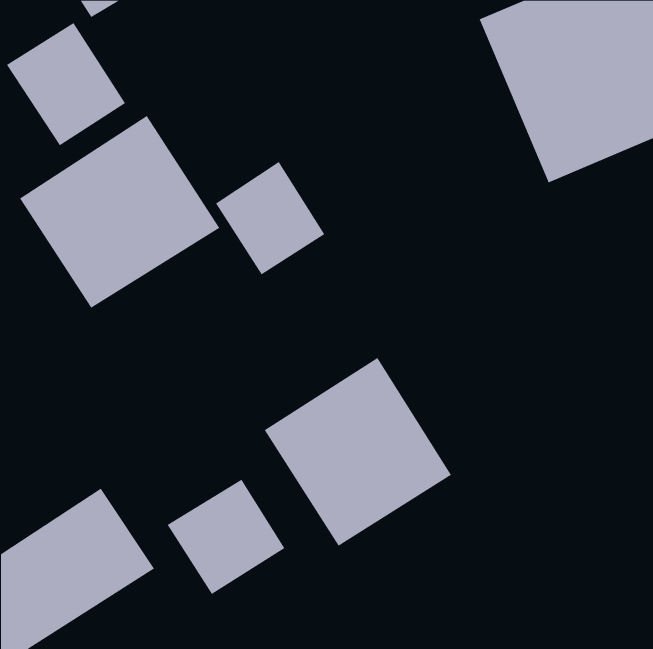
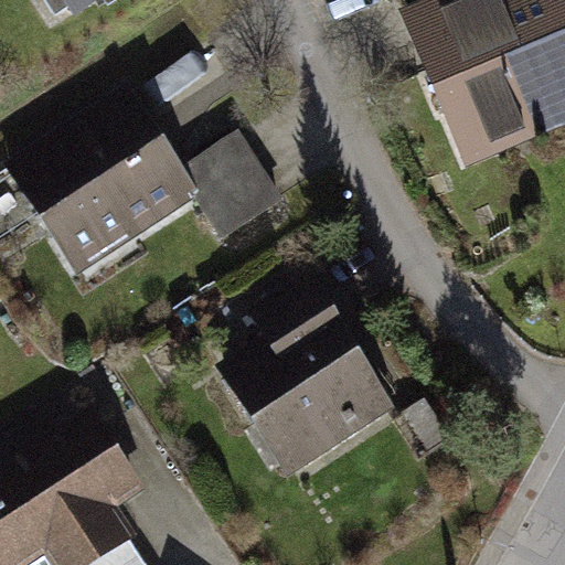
building: [6,22,126,146] -> none
building: [167,479,285,595] -> none

